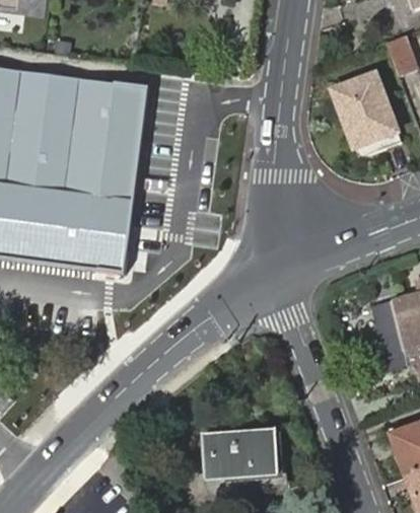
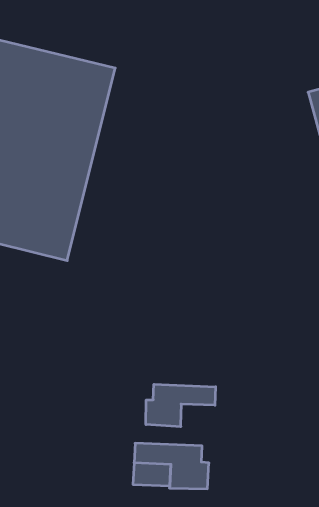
building: none -> [146,384,216,427]

